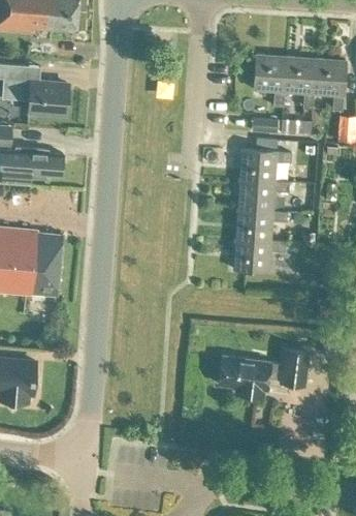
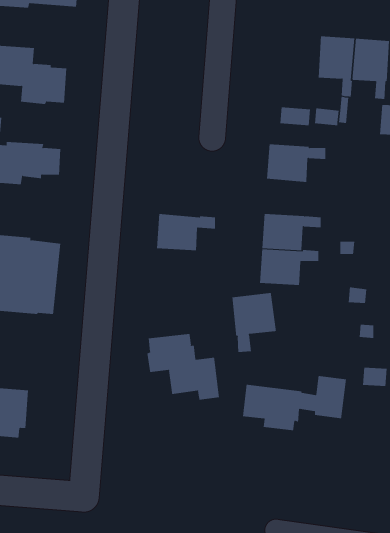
building: [255,55,287,108] -> none
building: [238,180,290,212] -> [156,214,216,251]
building: none -> [232,292,277,353]
building: none -> [147,333,219,400]

